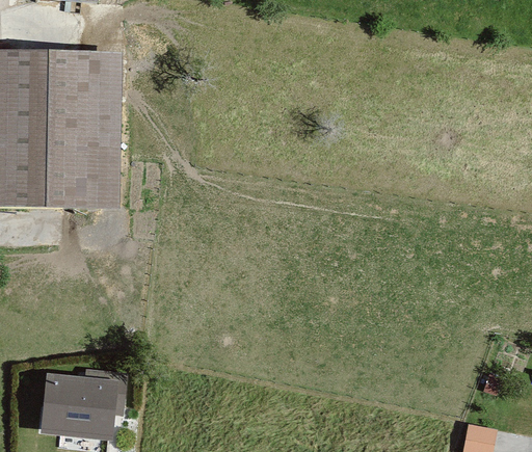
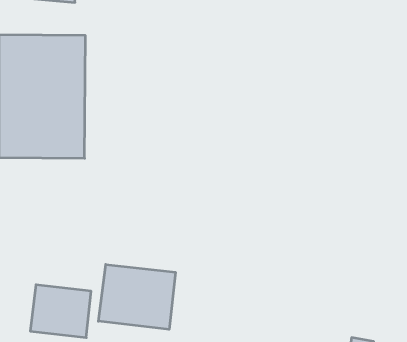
building: none -> [98,264,175,329]

